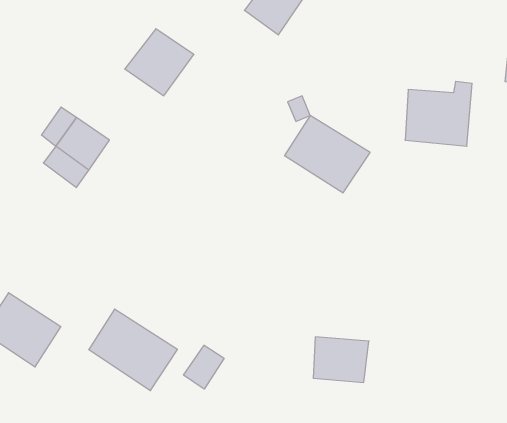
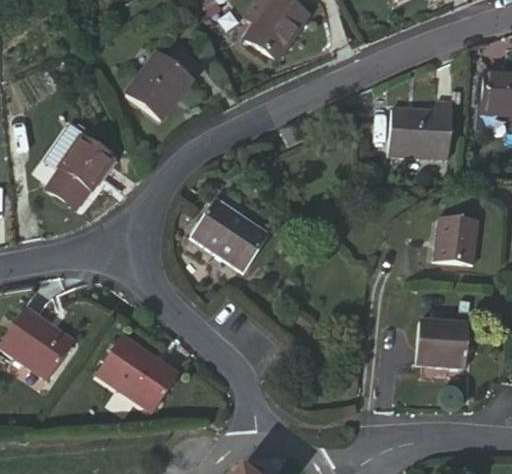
building: [285,115,370,193] -> [184,190,267,265]
building: none -> [433,212,479,261]
building: [313,337,369,382] -> [407,323,461,367]
building: [184,345,224,389] -> none

